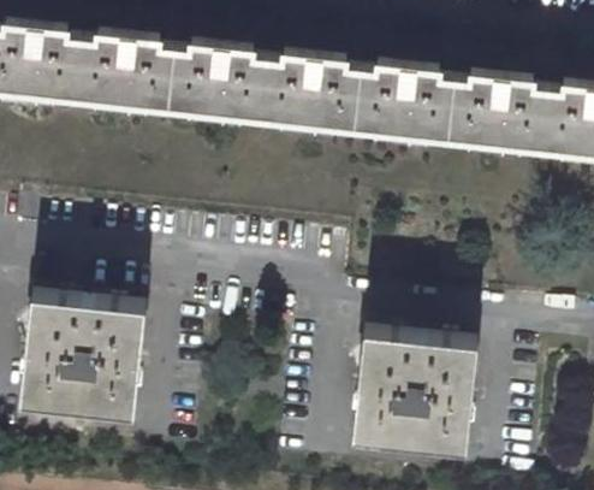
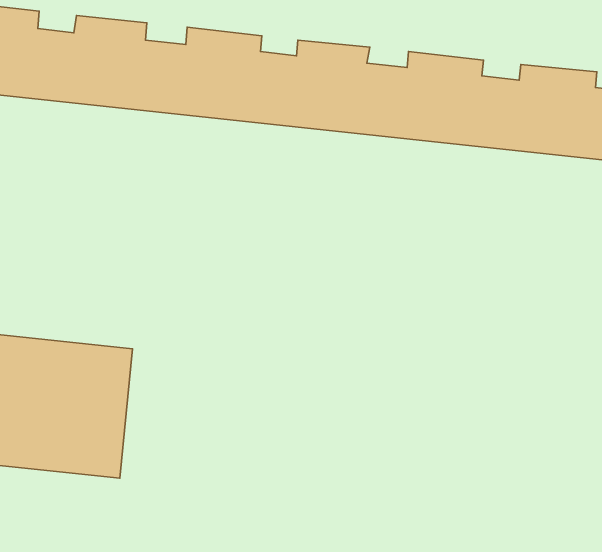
building: [354,335,477,455] -> none

